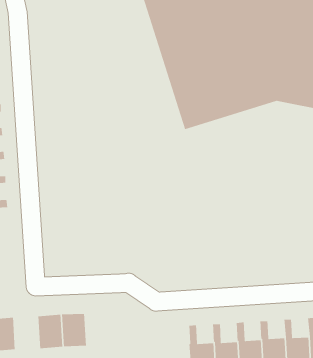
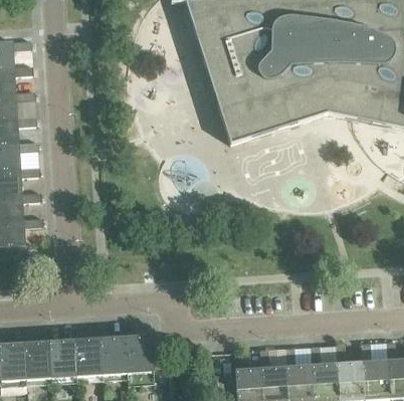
building: none -> [124,333,167,374]
building: none -> [48,339,75,375]

